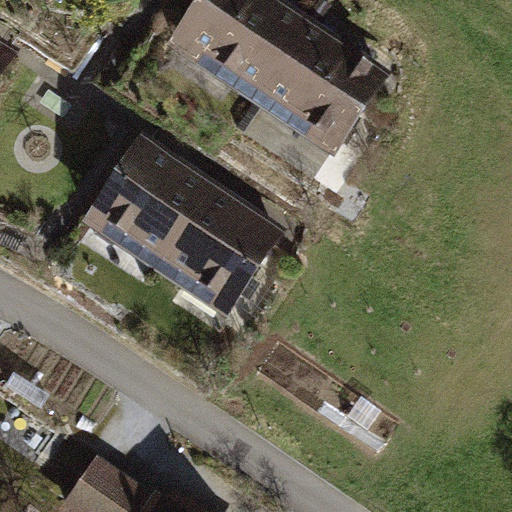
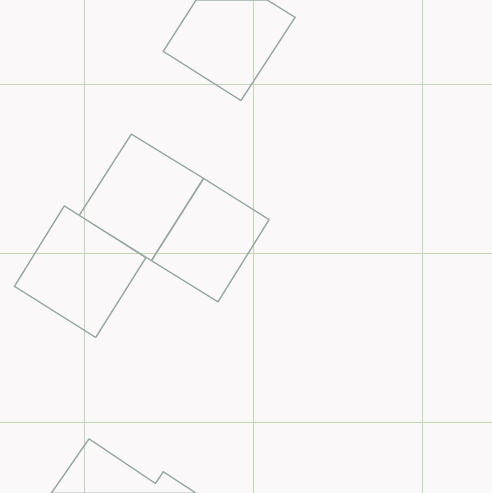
building: [251,18,388,157] -> none
building: none -> [14,206,146,337]

